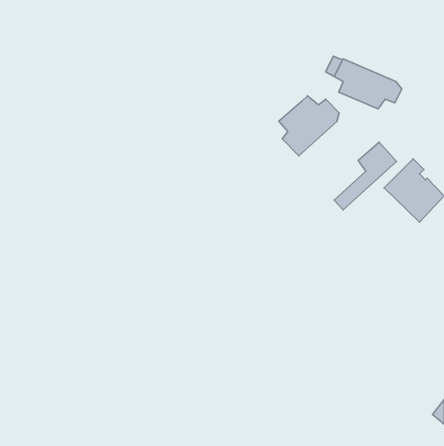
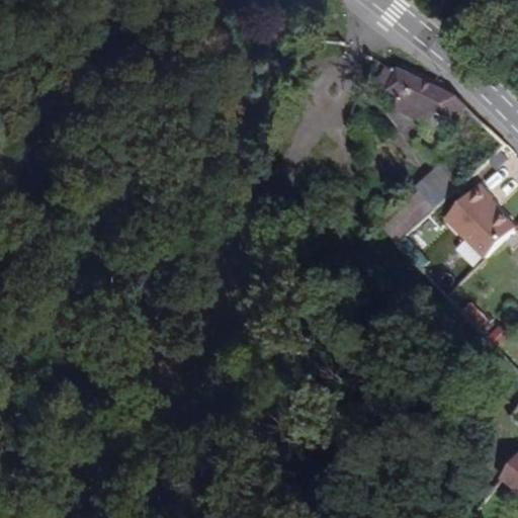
building: [279,96,339,156] -> none

